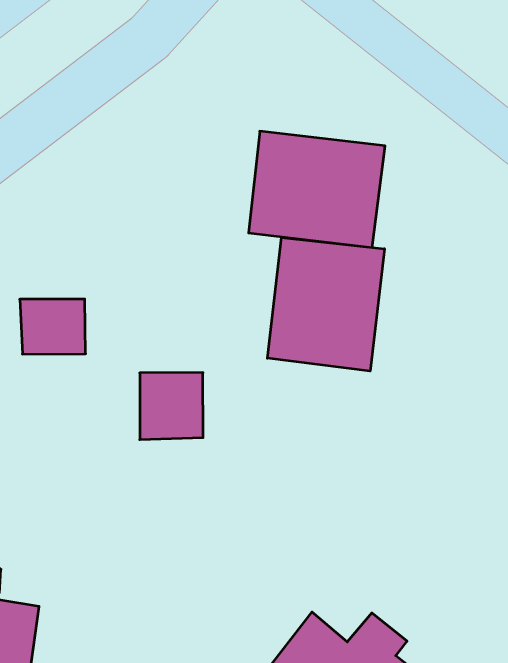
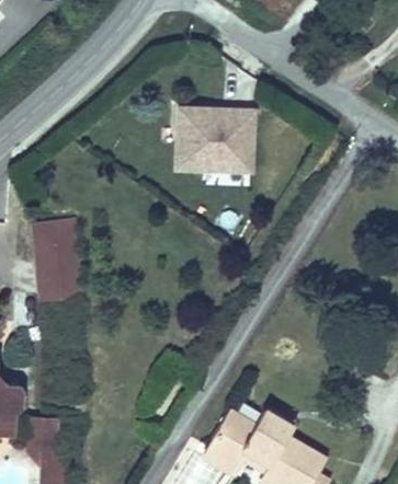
building: [267,238,384,371] -> none
building: [140,373,203,440] -> [34,255,78,301]

